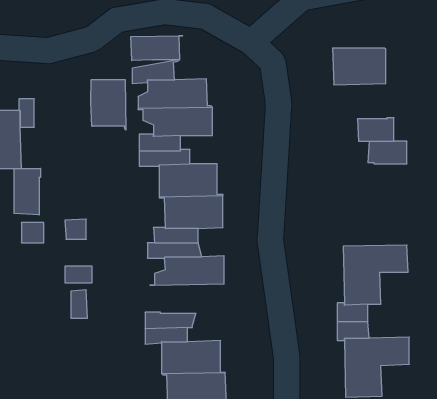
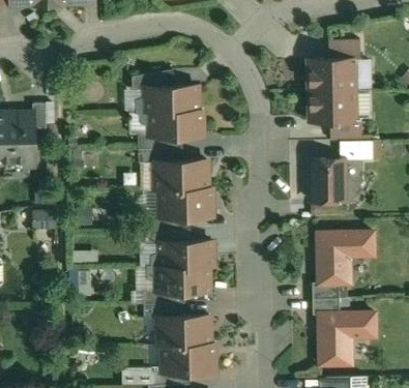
building: none -> [328,38,359,59]
building: [131,36,183,61] -> none
building: [91,80,126,130] -> none
building: none -> [309,89,355,121]
building: none -> [310,158,345,201]
building: [14,168,40,215] -> none
building: none -> [147,265,212,291]

